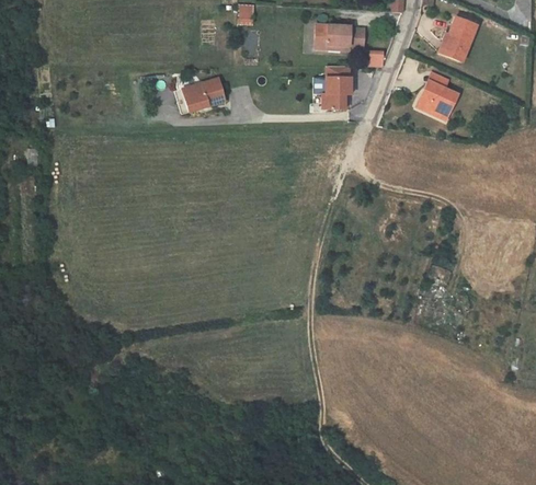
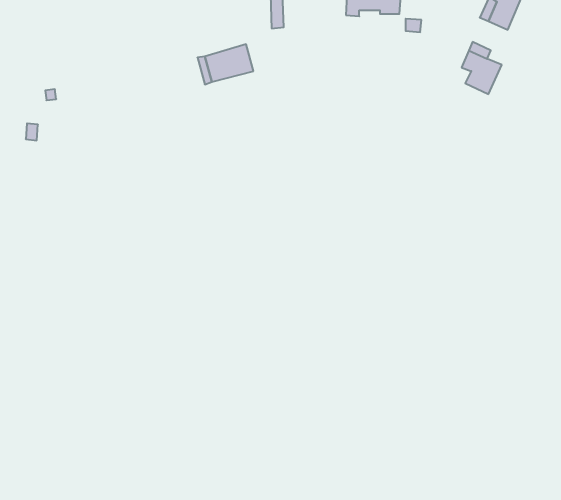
building: [322,67,351,111] -> none

